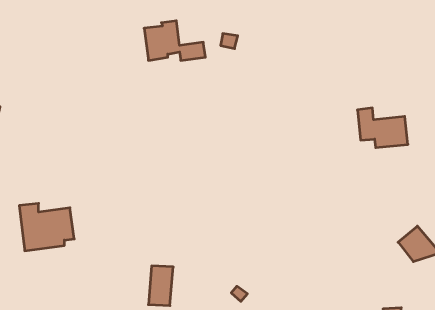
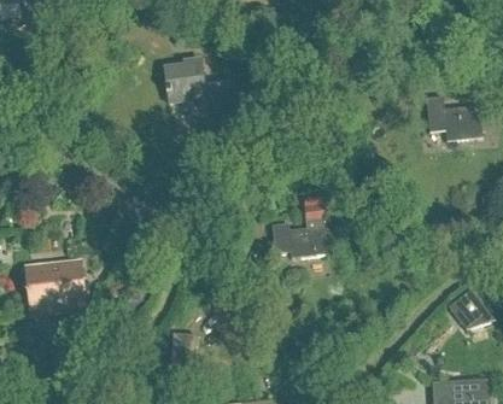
building: [357,108,408,148] -> [426,94,482,139]
building: none -> [271,186,331,256]

